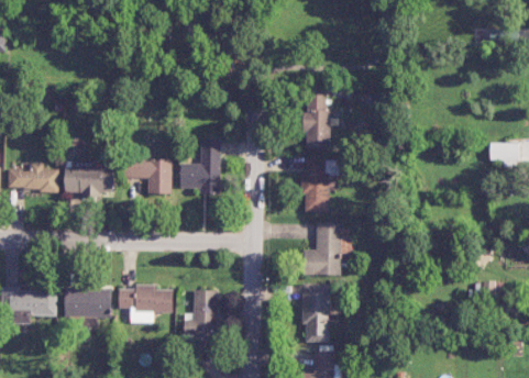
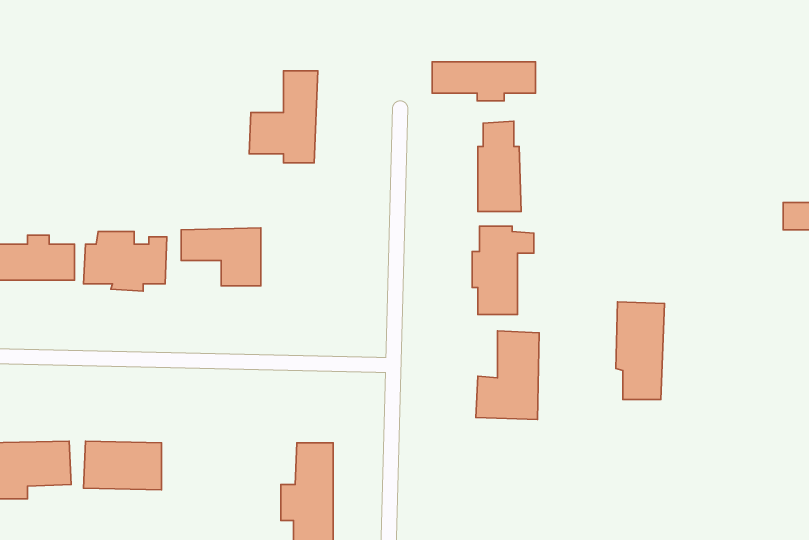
building: none -> [432,62,536,101]
building: [179,137,221,193] -> [249,71,318,163]
building: [300,282,330,342] -> [616,302,665,399]
building: [118,284,172,322] -> none

